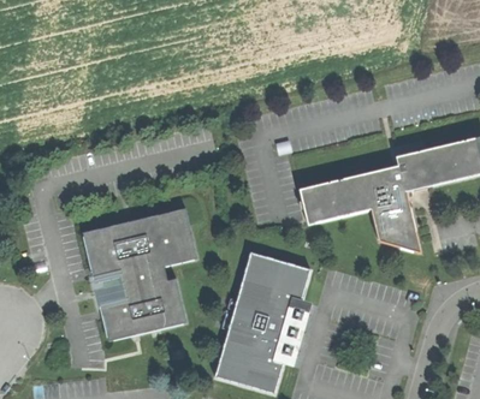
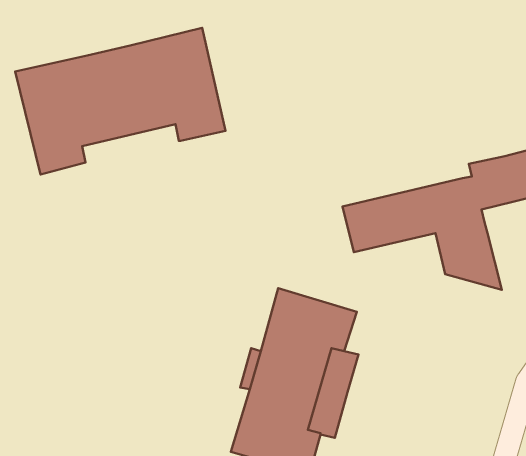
building: none -> [15,28,226,175]
building: [83,208,197,340] -> none

